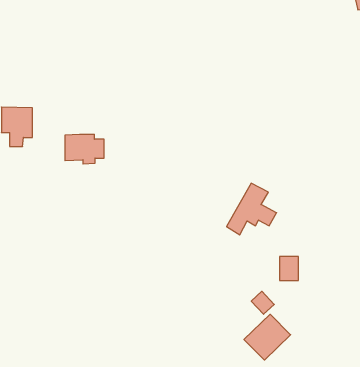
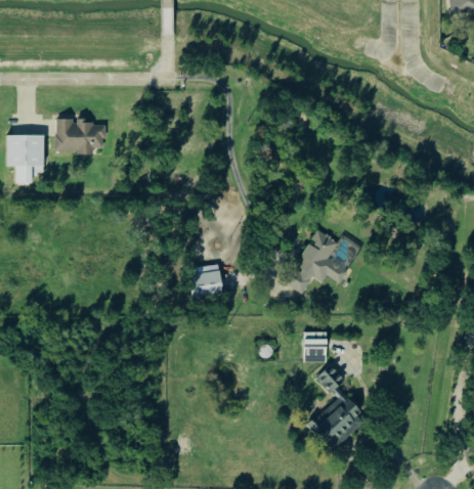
building: [65,134,104,164] -> [56,118,105,154]
building: none -> [188,269,222,298]
building: [280,257,298,280] -> [304,331,328,361]

